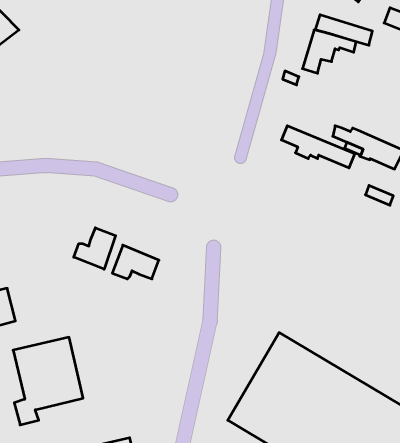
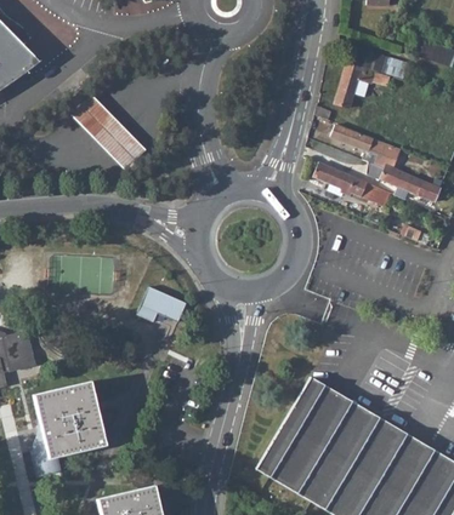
building: none -> [73,96,148,172]
building: none -> [330,124,401,167]
building: [74,228,116,269] -> none

